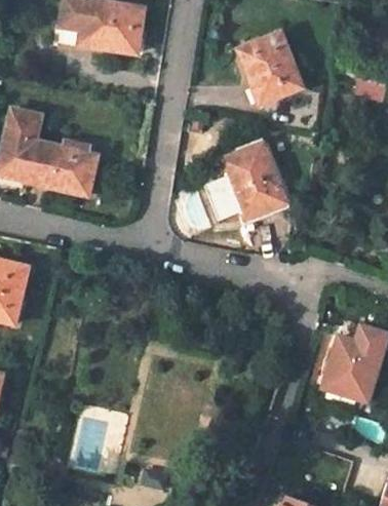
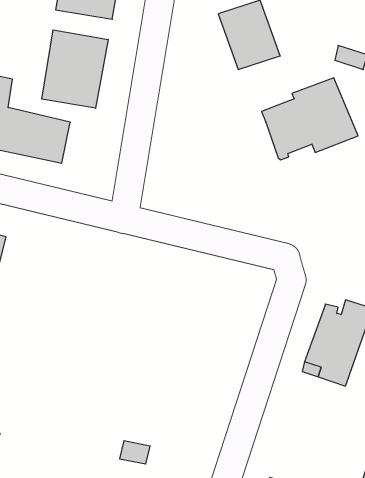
building: none -> [42,30,108,108]
building: [194,143,288,223] -> [262,78,358,160]

